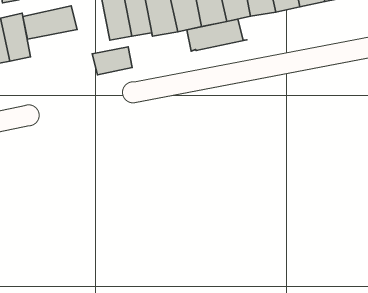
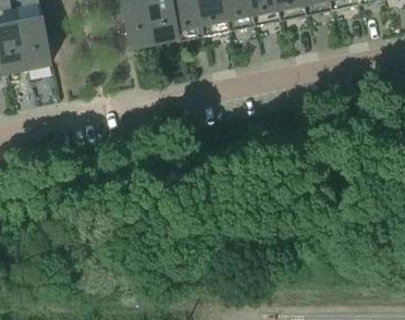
building: [23,6,77,39] -> none
building: [187,19,247,51] -> none
building: [92,47,132,75] -> none

